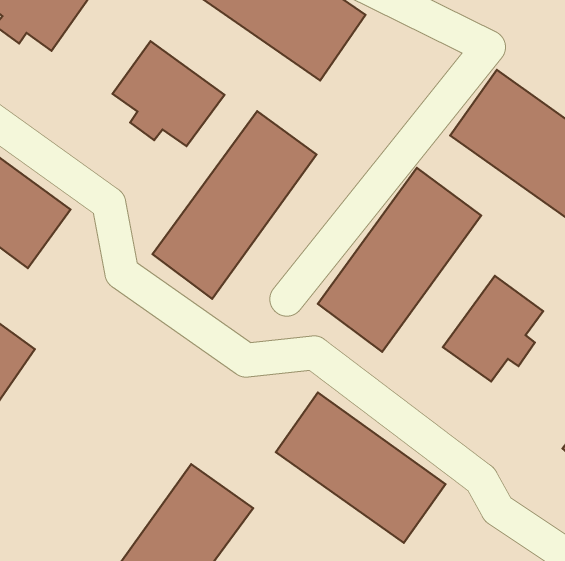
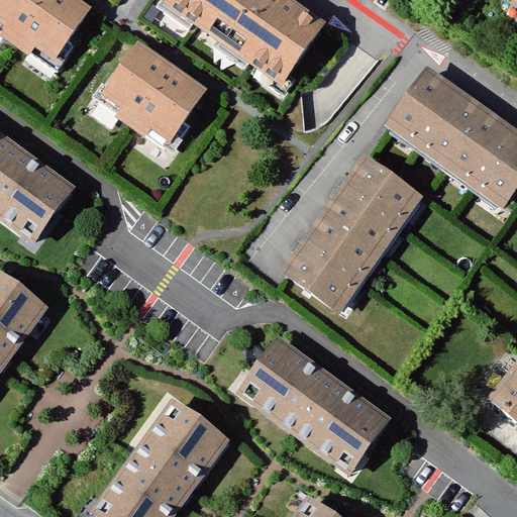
building: [152,111,317,299] -> none
building: [443,276,543,381] -> none

